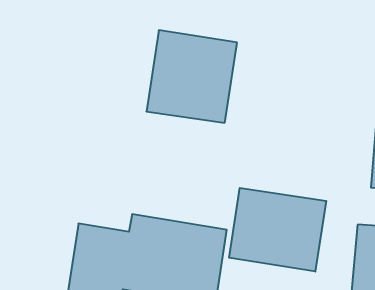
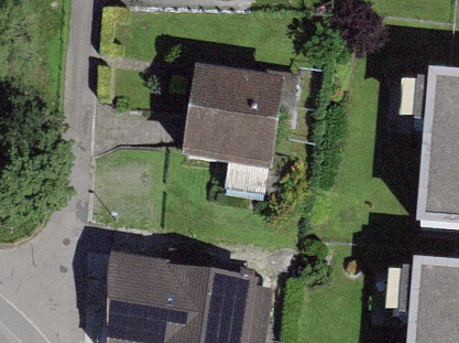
building: [229,188,326,272] -> none

